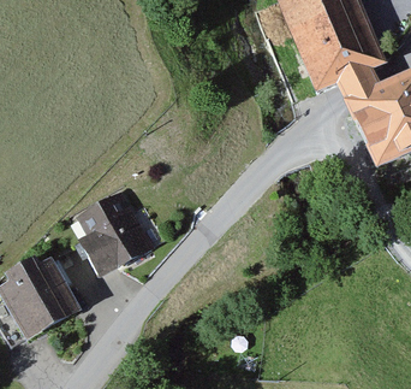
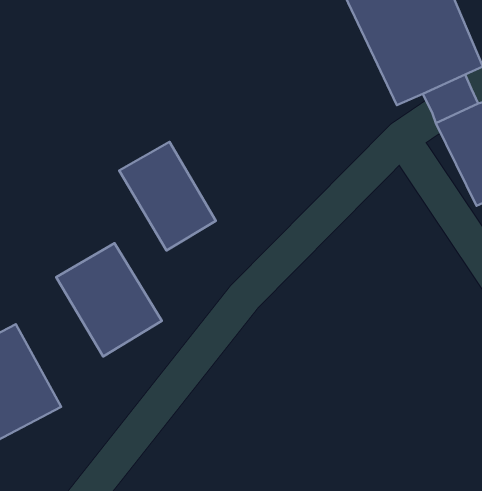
building: none -> [119,142,216,251]

